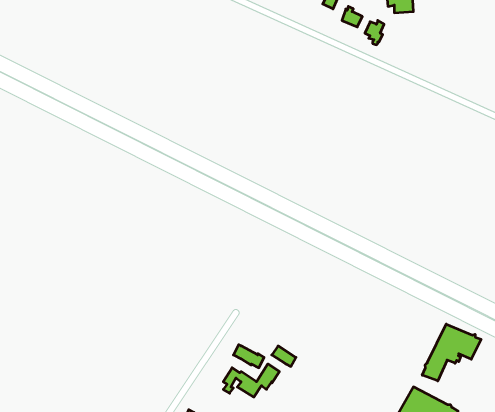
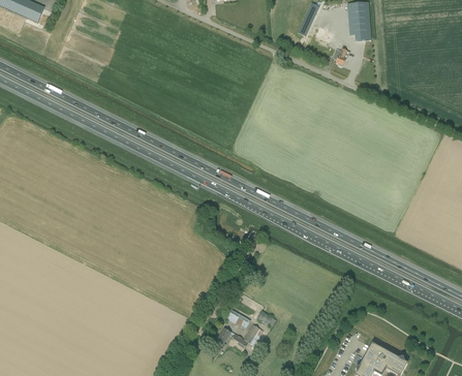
building: [422,324,481,381] -> none

